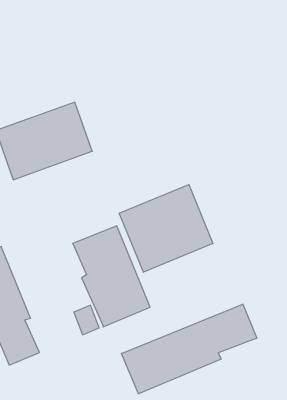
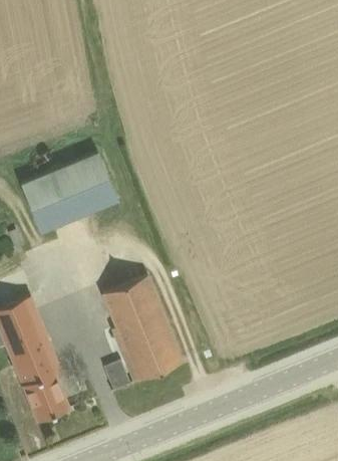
building: [119,185,213,272] -> none
building: [121,304,257,394] -> none

